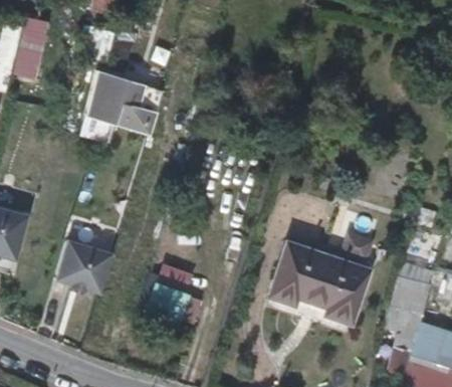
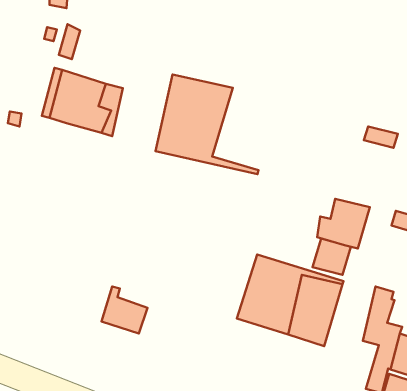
building: none -> [156,74,258,174]
building: none -> [317,199,370,248]
building: [58,242,114,295] -> none

